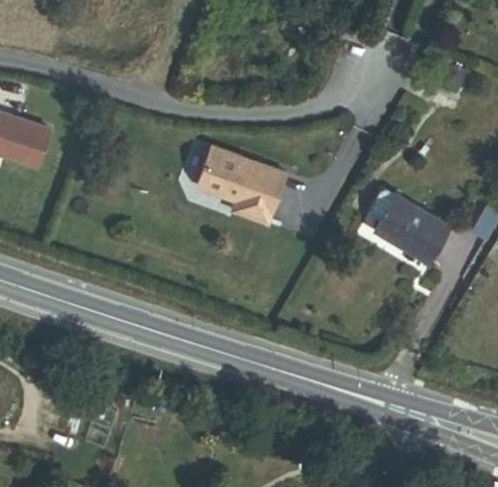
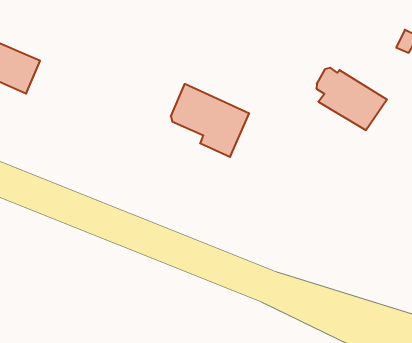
building: [370,195,449,262] -> [316,68,387,130]

